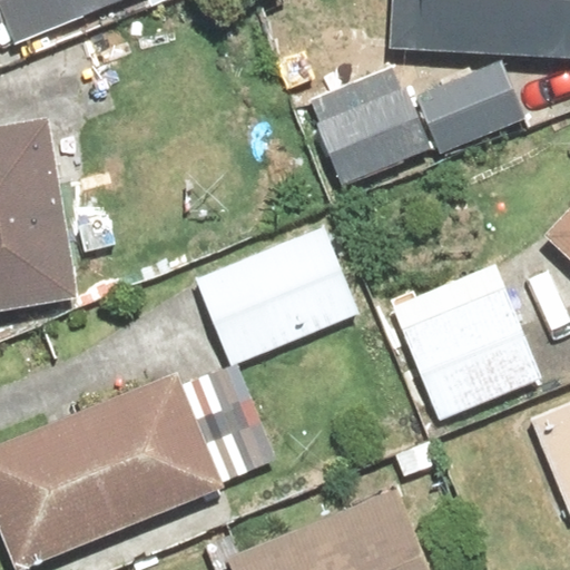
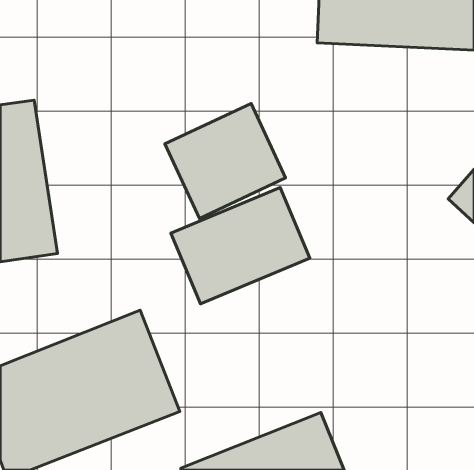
building: [307,57,540,187] -> none
building: none -> [165,103,286,218]
building: [403,265,542,414] -> none

